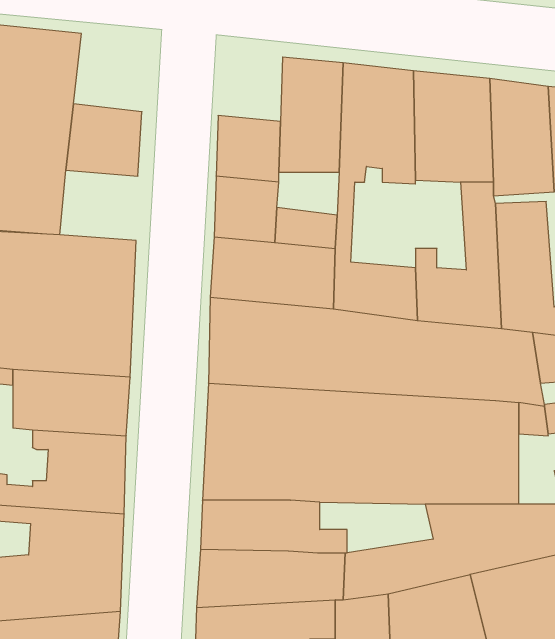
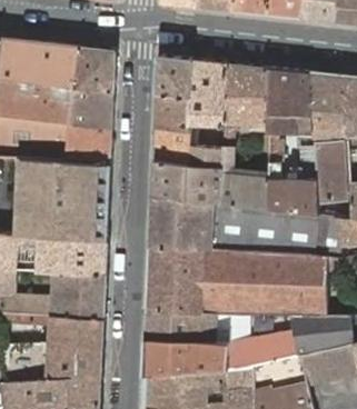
building: none -> [73,47,115,91]
building: none -> [156,57,192,97]
building: none -> [66,124,110,164]

